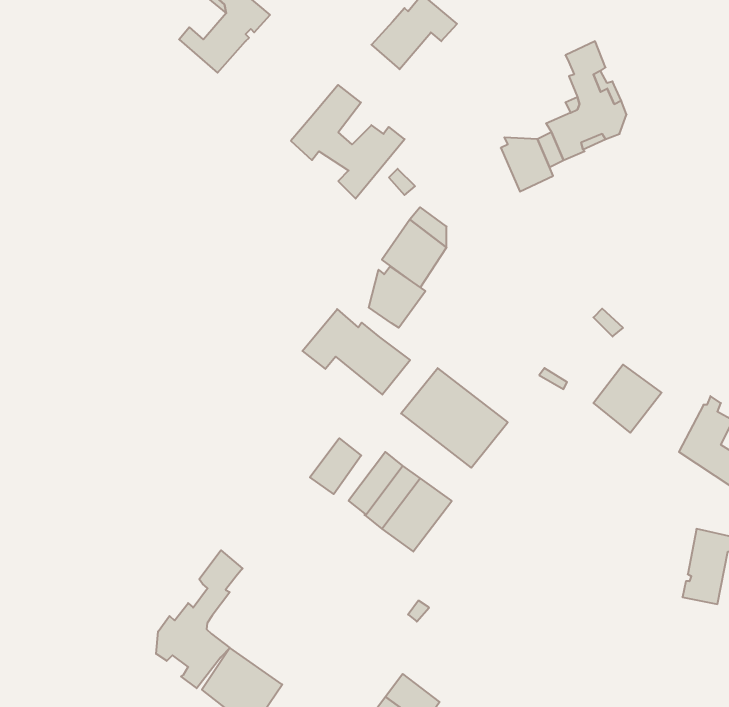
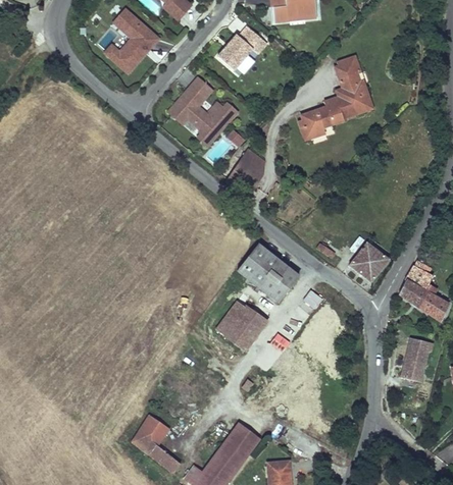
building: [369,266,425,328] -> none
building: [302,309,410,395] -> none
building: [310,438,361,494] -> none
building: [156,550,243,688] -> none

